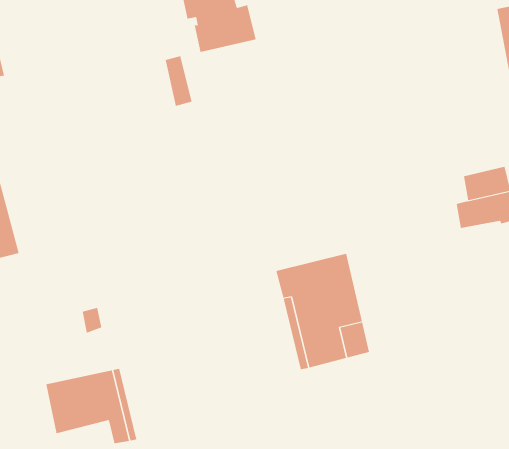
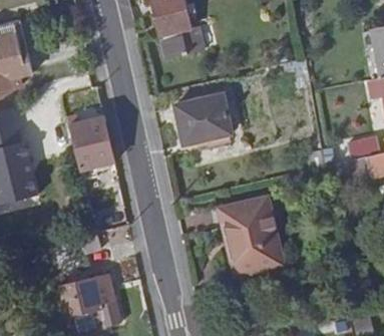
building: none -> [173,93,231,146]
building: none -> [70,115,114,169]

